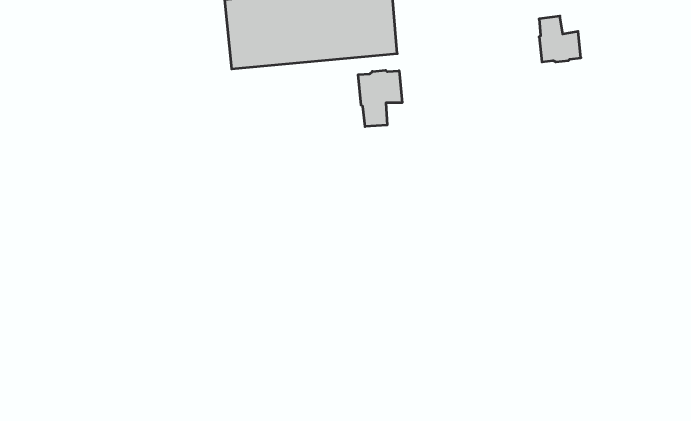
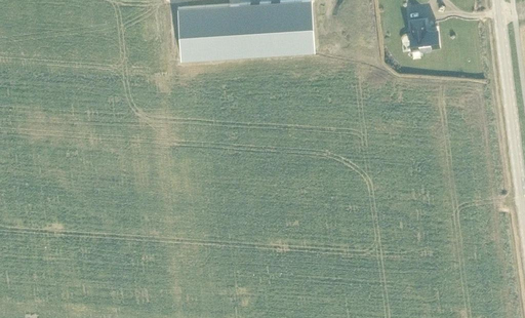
building: [358,70,402,127] -> none

